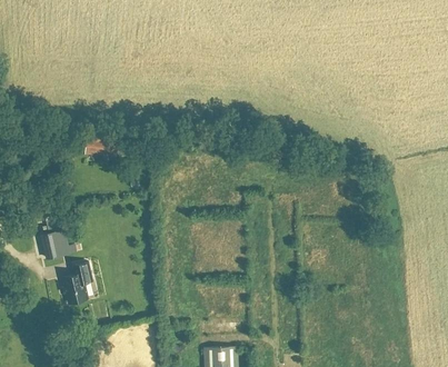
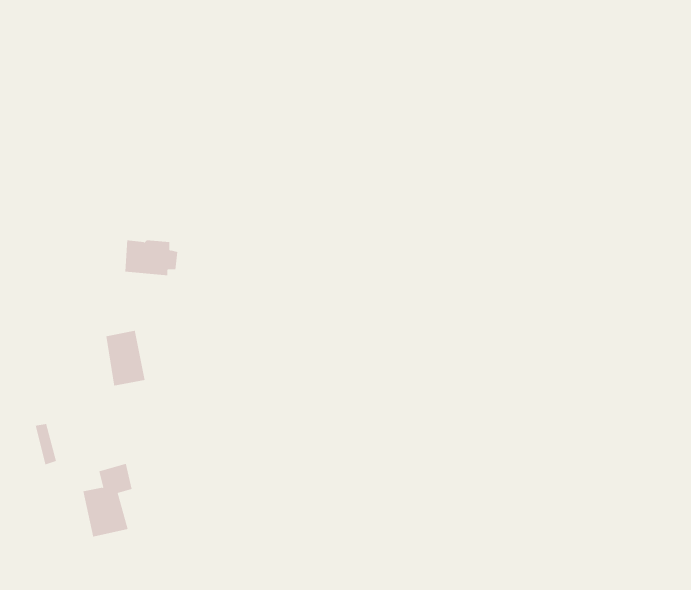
building: [48,226,70,257] -> [106,330,145,386]

